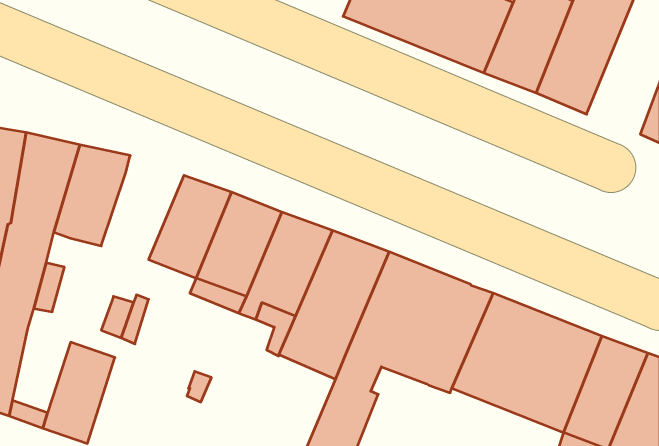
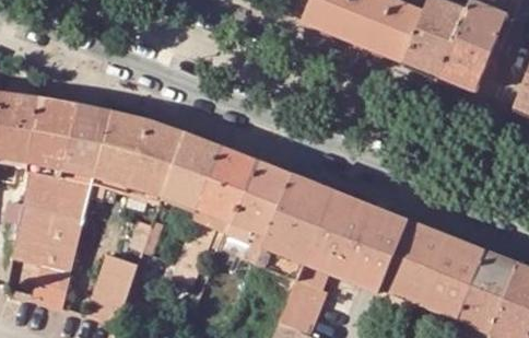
building: none -> [129,120,188,195]

